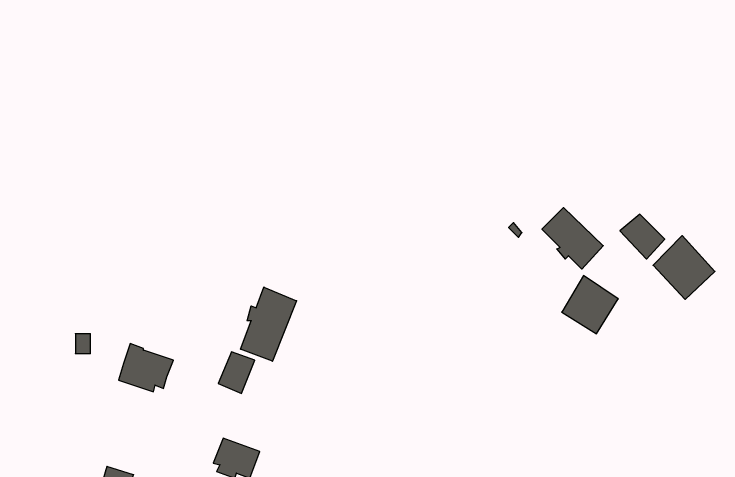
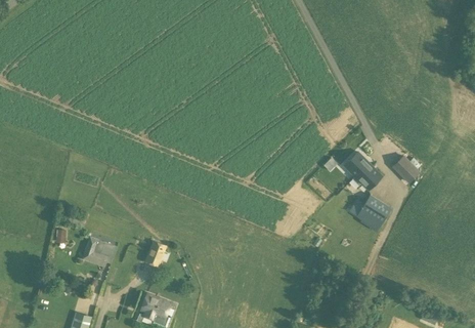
building: [653,236,715,299] -> none
building: [241,287,297,361] -> none

